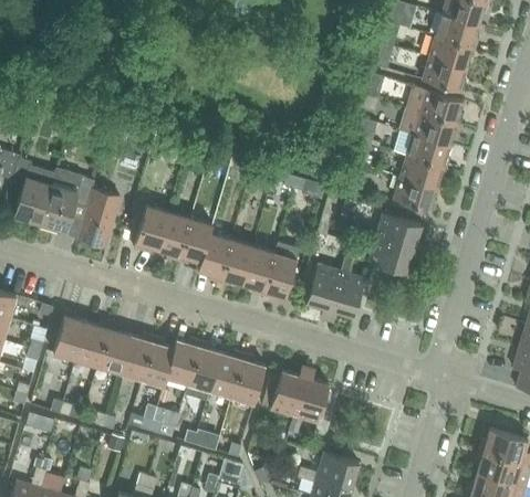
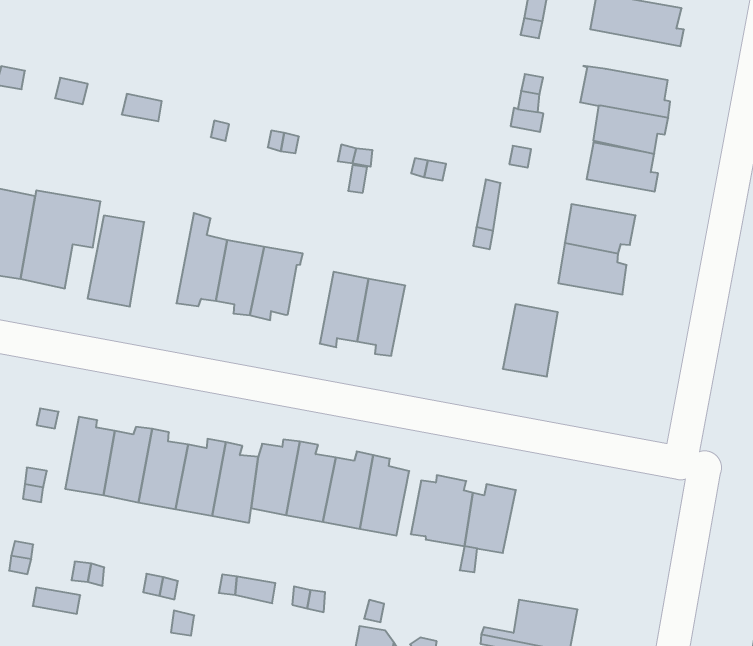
building: [398,107,459,144] -> none
building: [197,232,231,282] -> none
building: [261,244,300,297] -> none
building: [302,263,341,309] -> none

